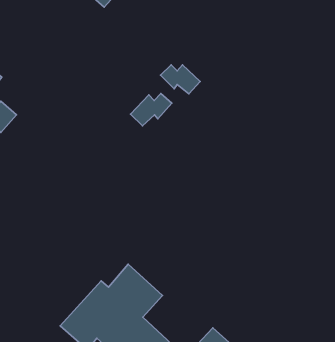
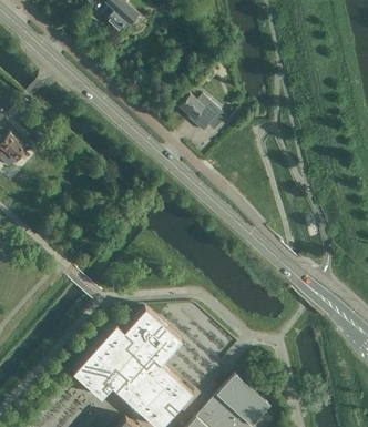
building: [130,93,172,126] -> none

